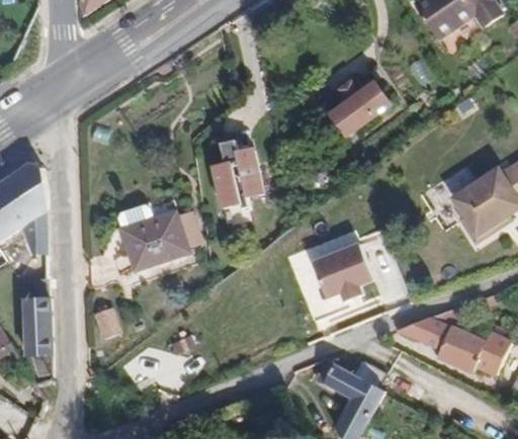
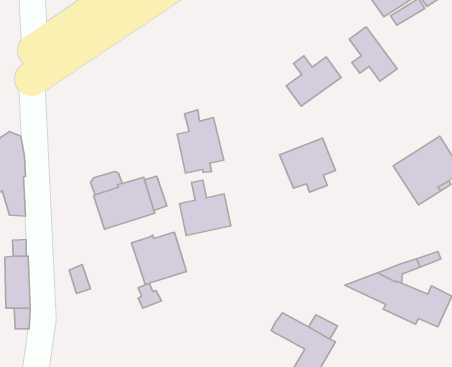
building: none -> [349,27,397,81]
building: none -> [179,180,231,236]
building: [316,241,376,299] -> [280,138,335,192]
building: none -> [132,232,186,284]

